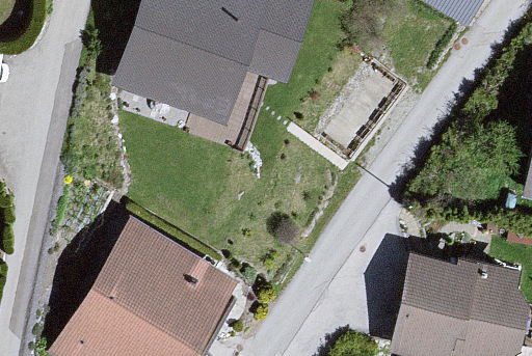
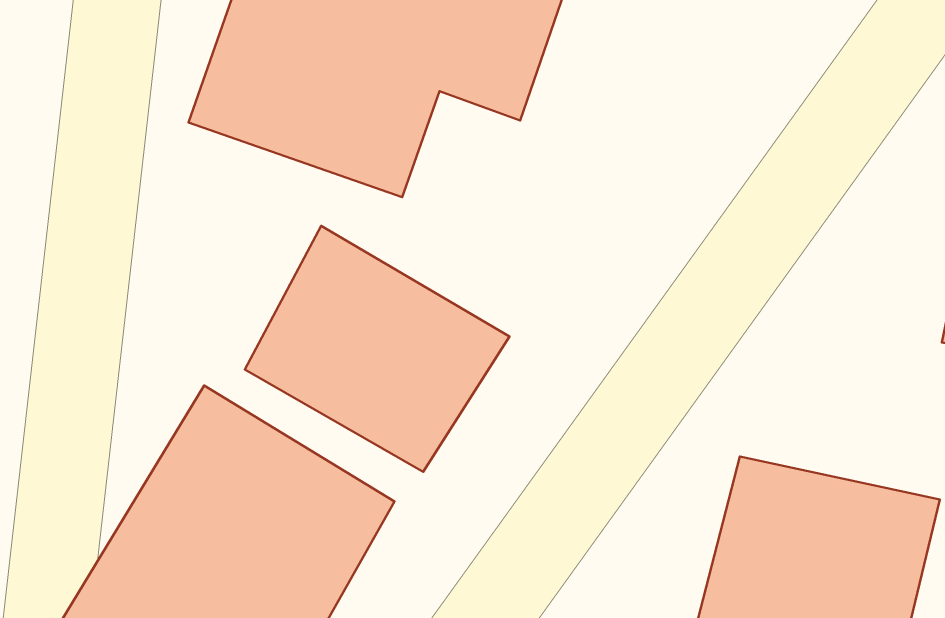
building: none -> [245,226,510,472]

